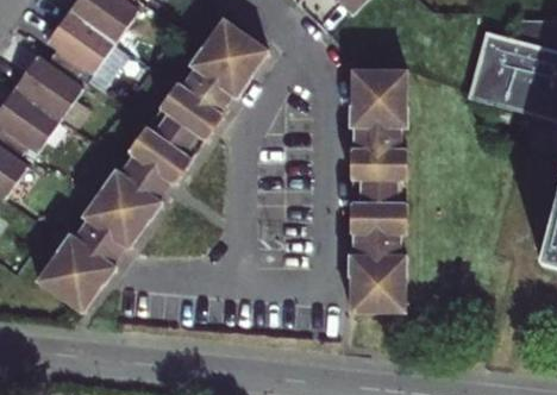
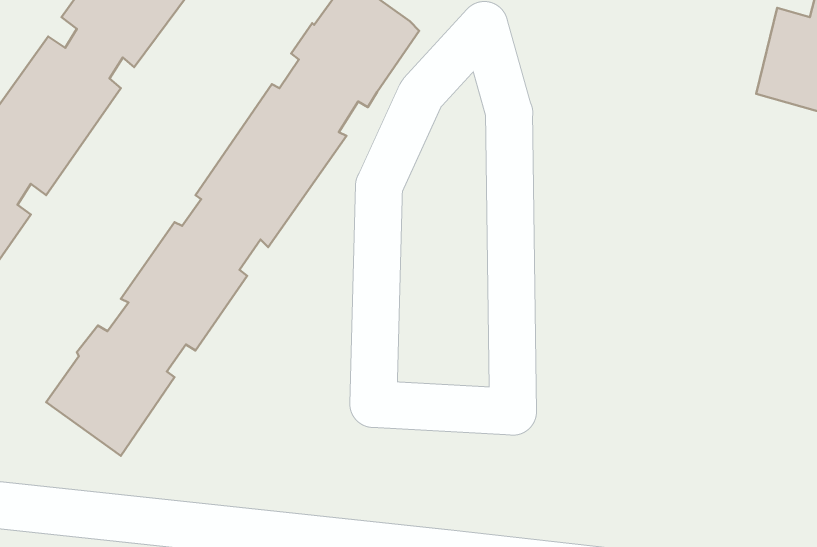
building: [349,70,409,313] -> none

